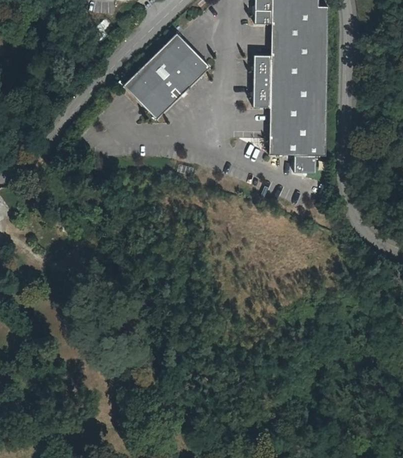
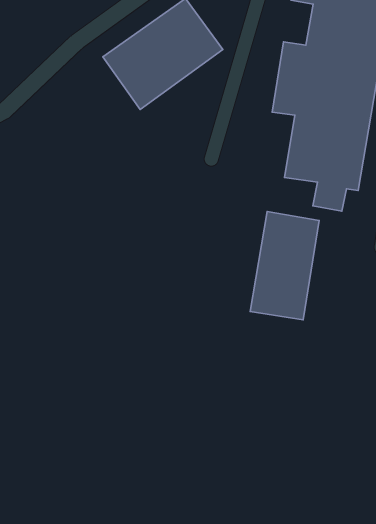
building: none -> [250,212,319,320]

